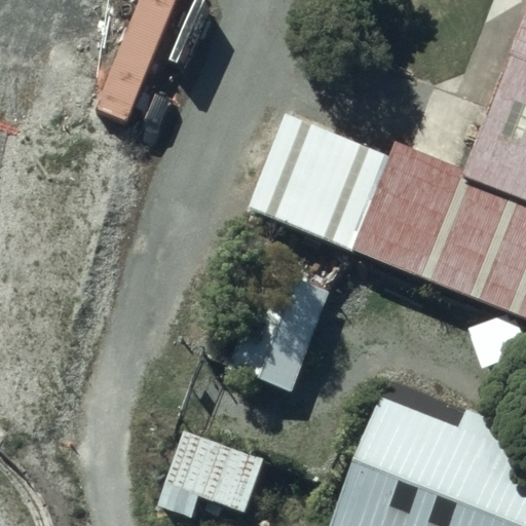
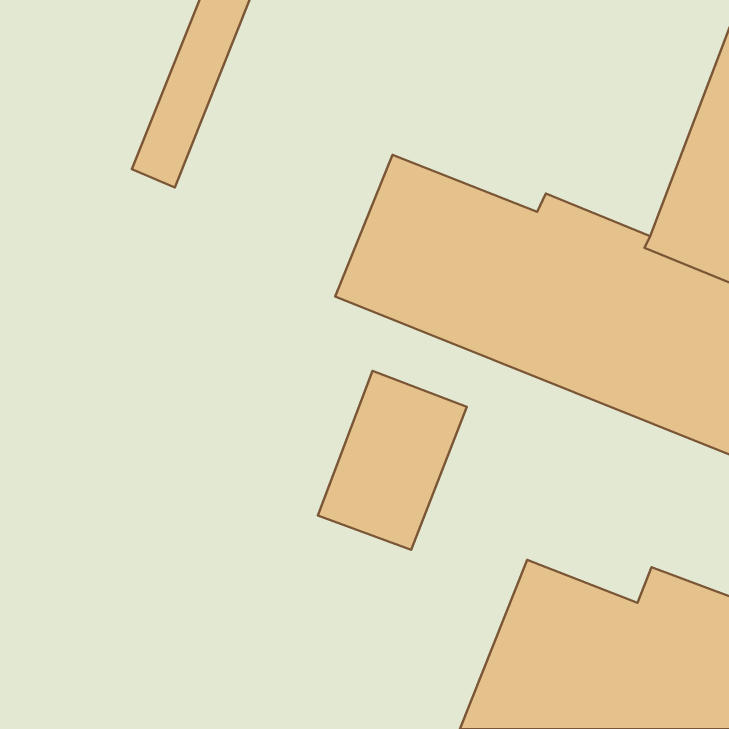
building: [156,430,267,517] -> none

